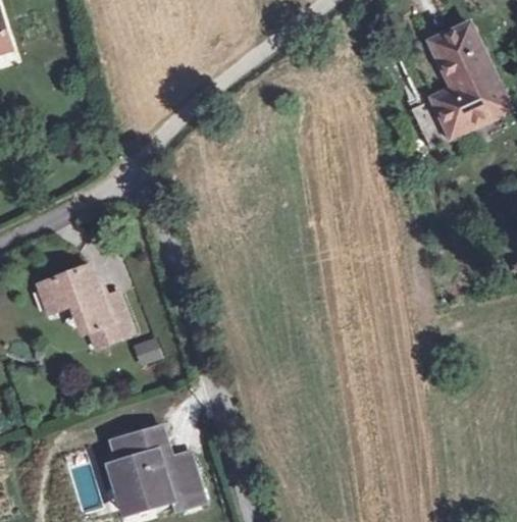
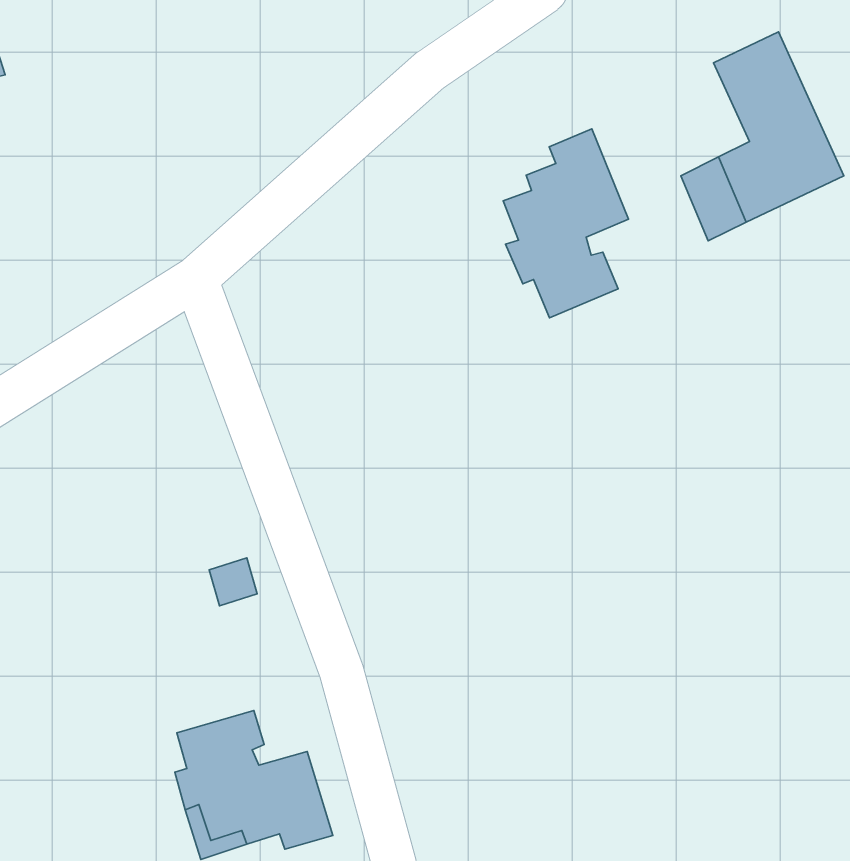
building: none -> [503,129,629,318]
building: [41,266,132,343] -> none

